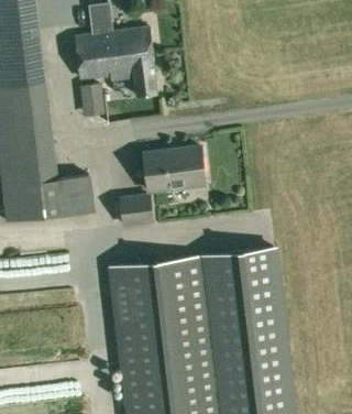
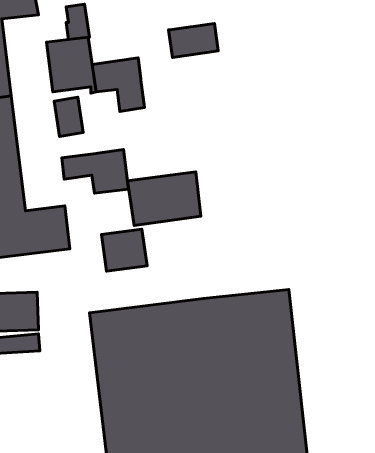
building: [109,29,151,57] -> [169,23,218,57]
building: none -> [62,150,129,193]

